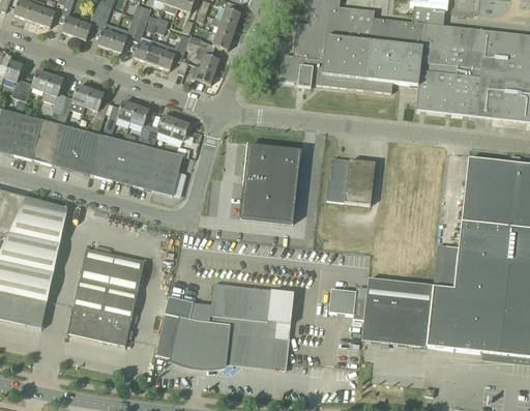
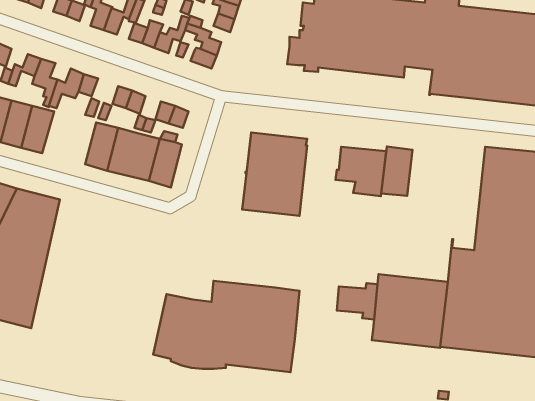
building: [51,124,101,174] -> none
building: none -> [381,147,412,196]
building: [66,247,144,347] -> none

